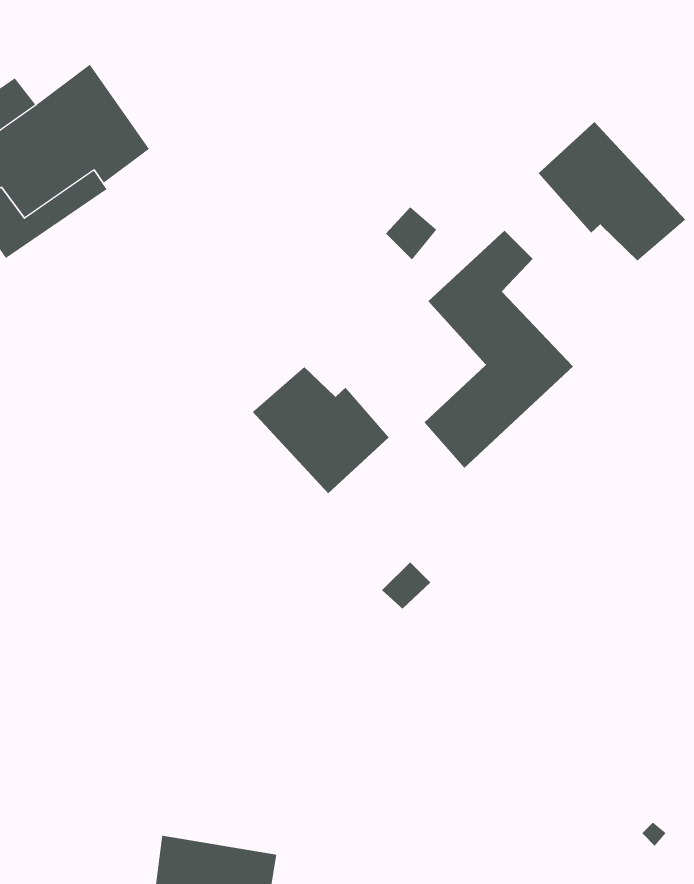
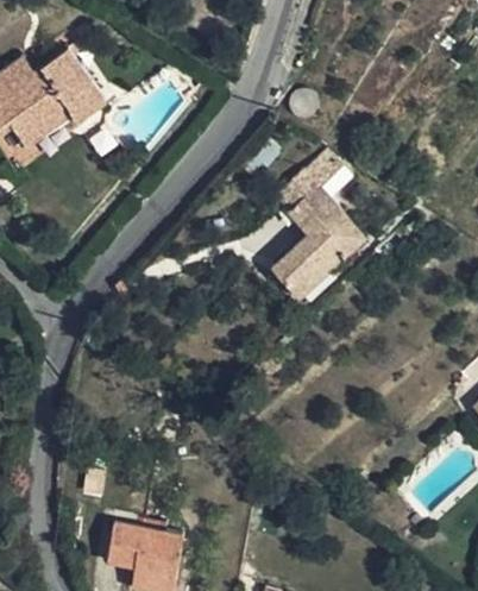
building: [538,121,686,262] -> none
building: [252,366,390,494] -> none

